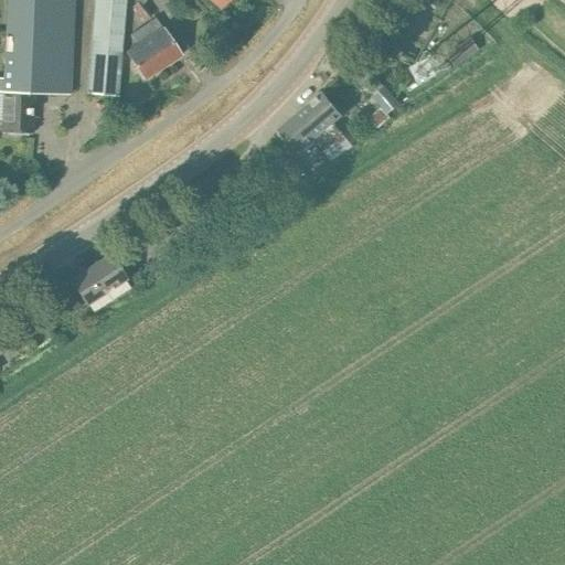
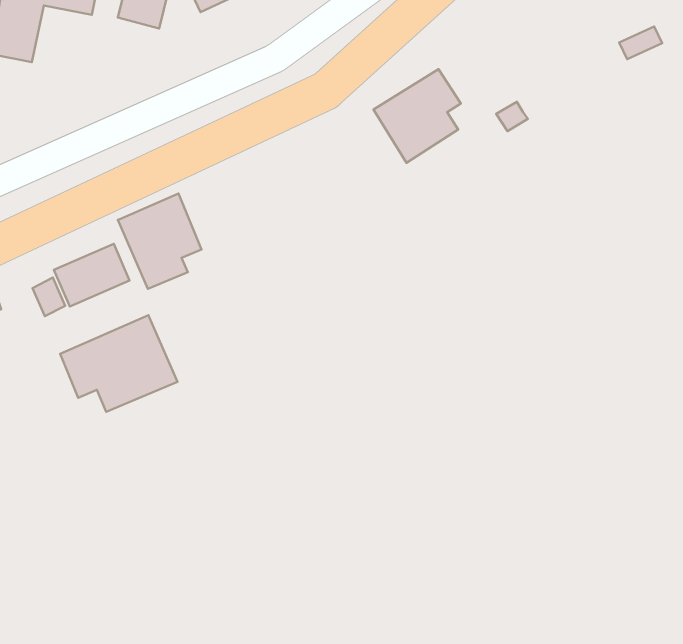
building: none -> [118,194,201,289]
building: none -> [60,315,177,412]

